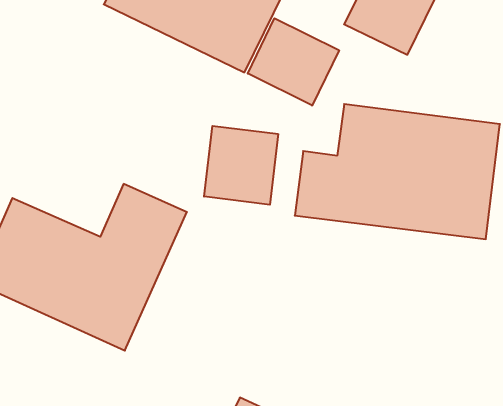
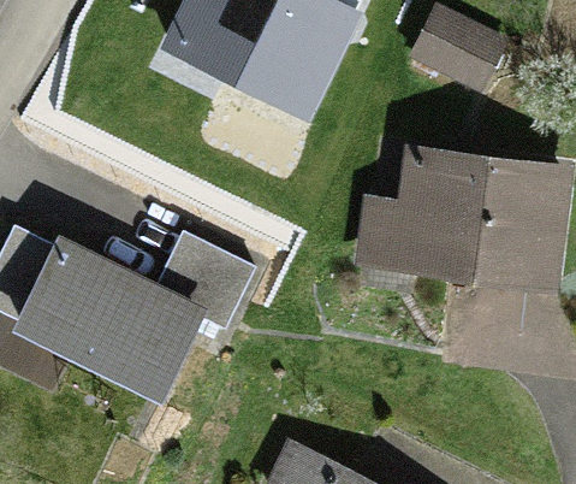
building: [248,18,339,106] -> none
building: [204,126,278,205] -> none

